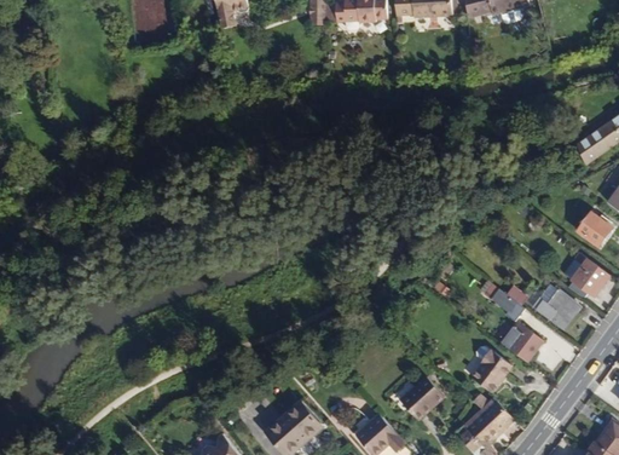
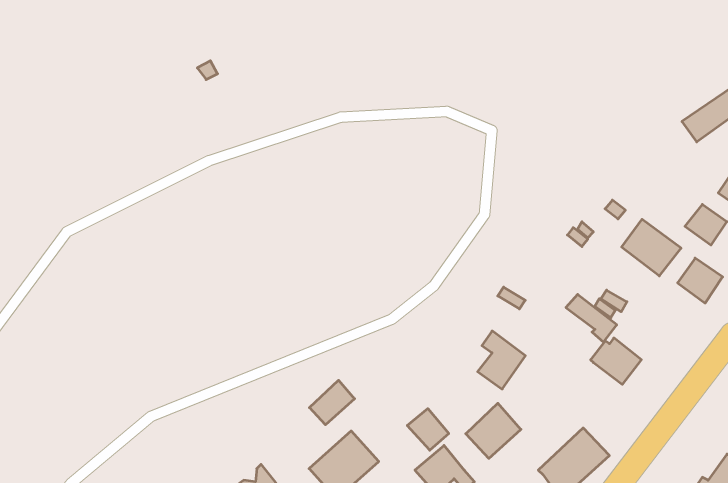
building: [532,281,582,328] -> [622,219,681,276]
building: [470,346,510,394] -> [478,331,525,389]
building: none -> [309,380,355,425]
building: none -> [407,409,449,450]

